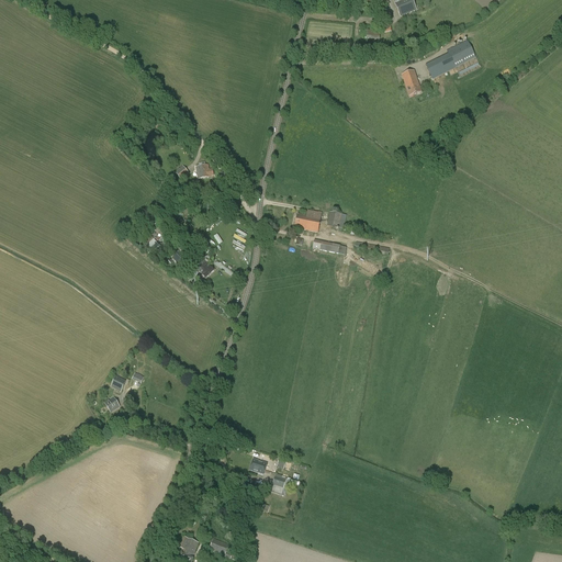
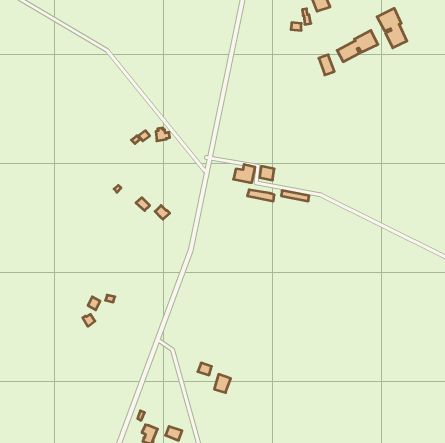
building: none -> [377,8,407,48]

